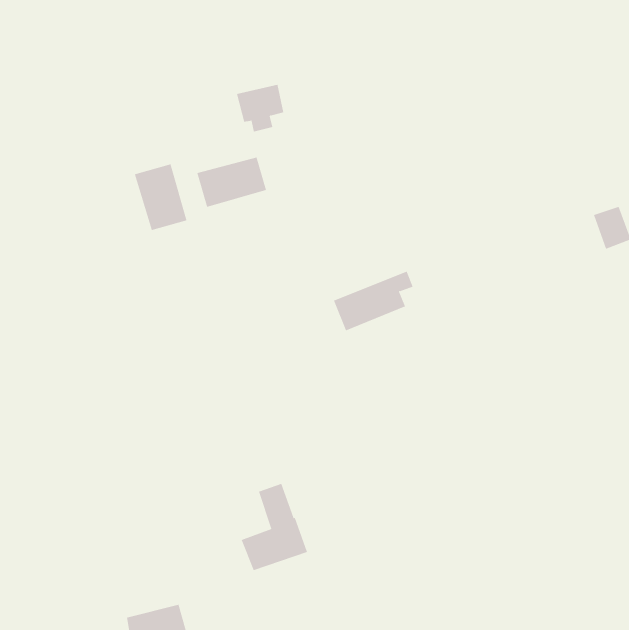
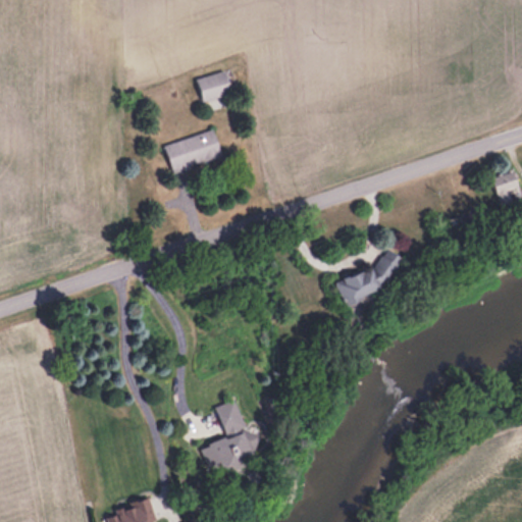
building: [134,163,187,231] -> none
building: [333,271,413,331] -> [334,254,401,304]

